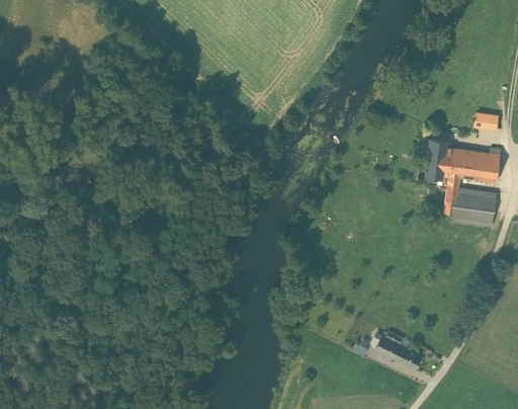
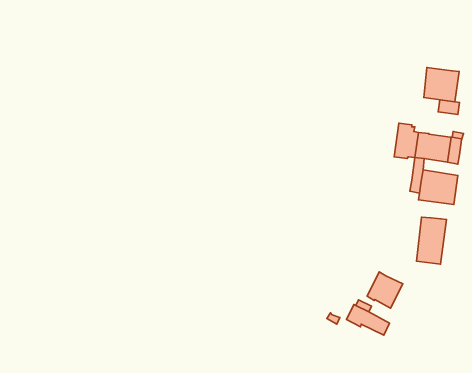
building: none -> [424,68,459,102]
building: none -> [417,217,446,264]
building: none -> [367,272,403,308]

